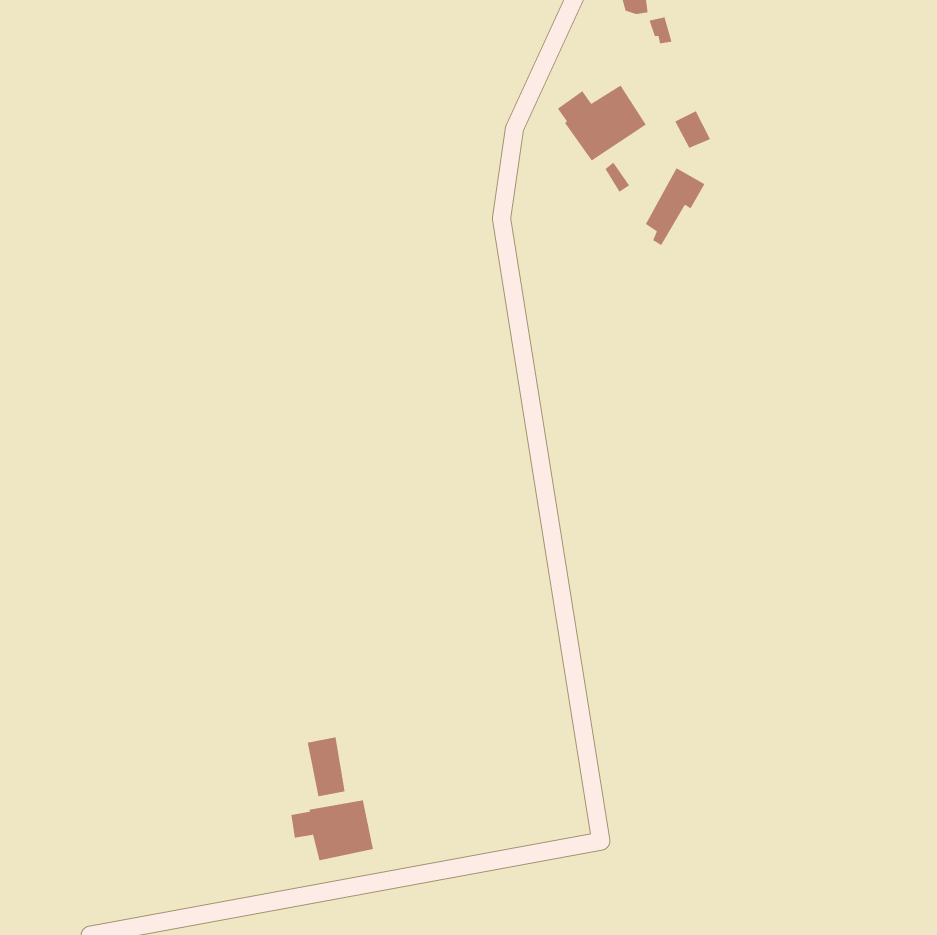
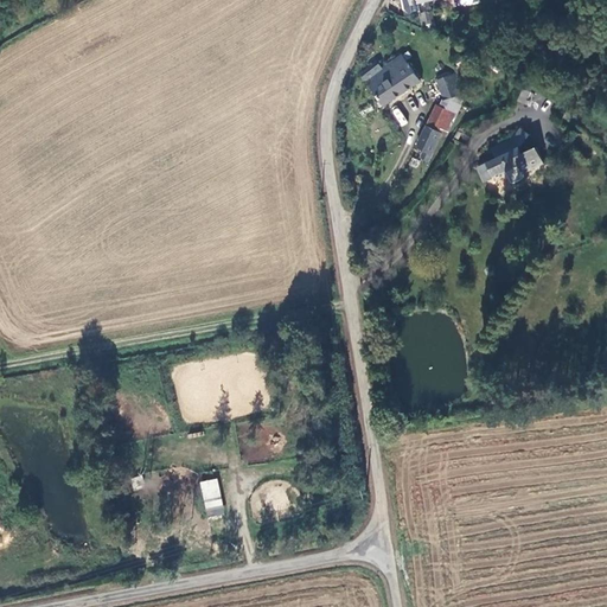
building: none -> [484,128,548,183]
building: [291,799,374,861] -> none

